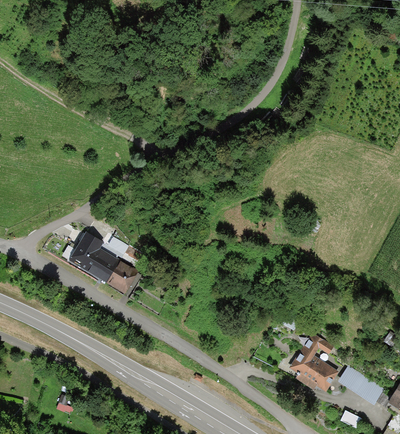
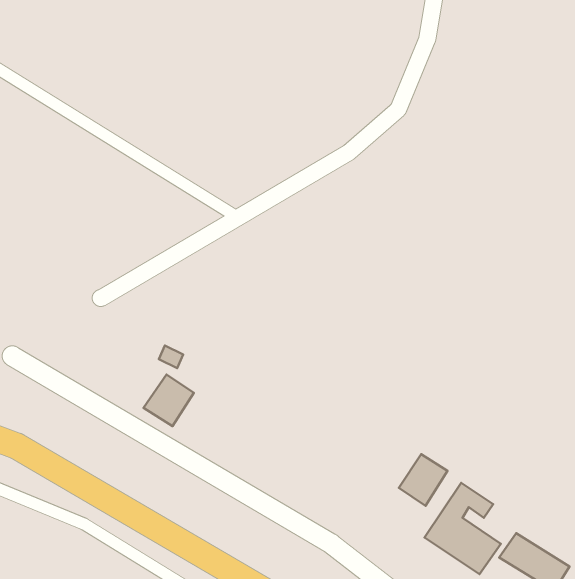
building: [69,230,120,283] -> none
building: none -> [399,454,448,506]

